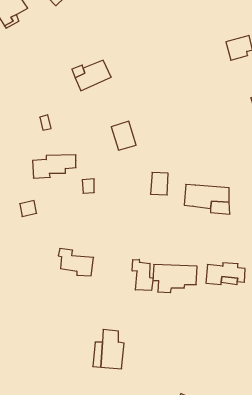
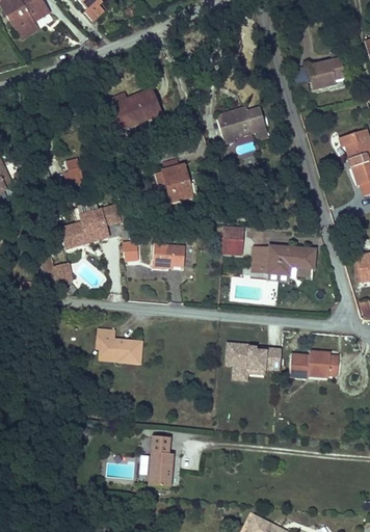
building: none -> [218,112,271,147]
building: none -> [151,244,184,269]
building: [132,259,153,290] -> none

